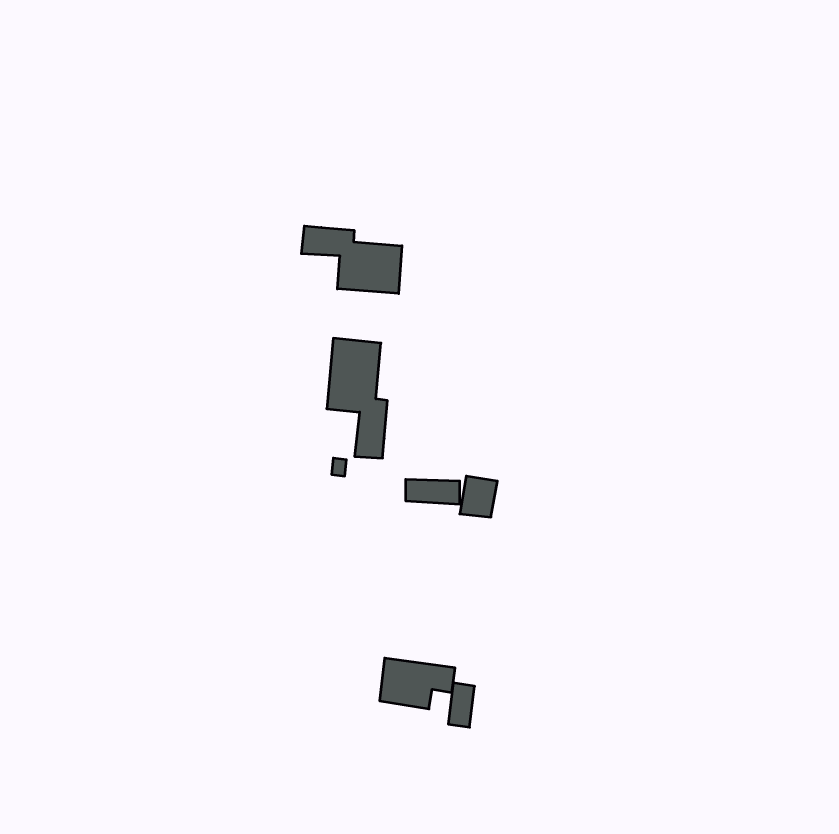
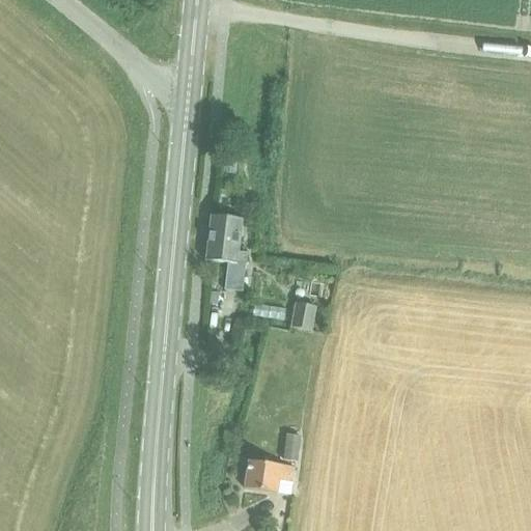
building: [301,226,402,294] -> none
building: [380,658,455,709] -> [245,457,292,490]

